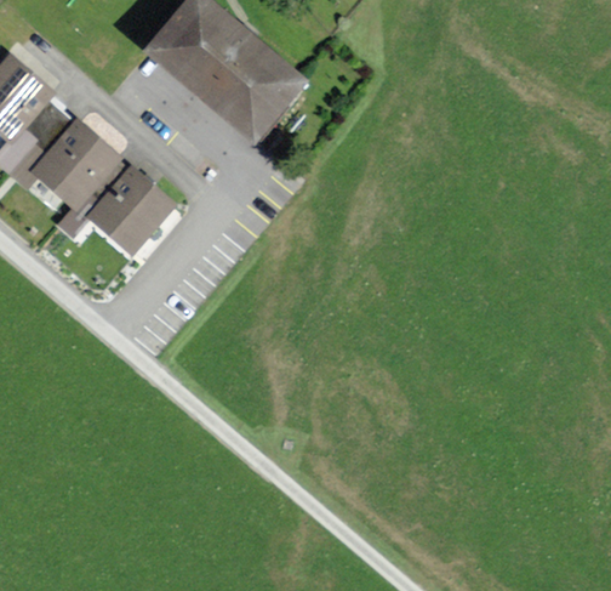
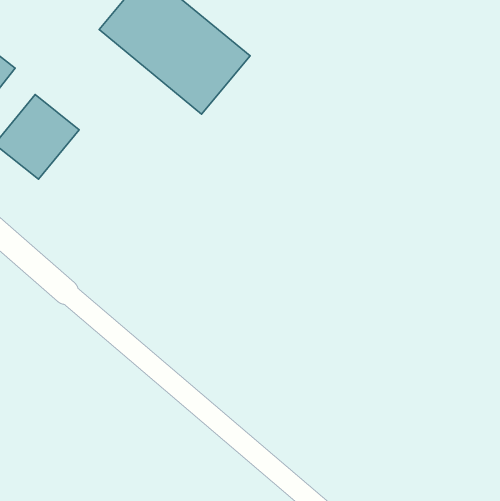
building: [86,166,175,256] -> none

